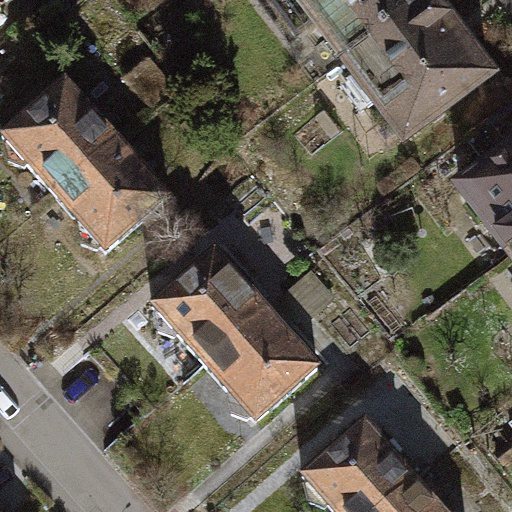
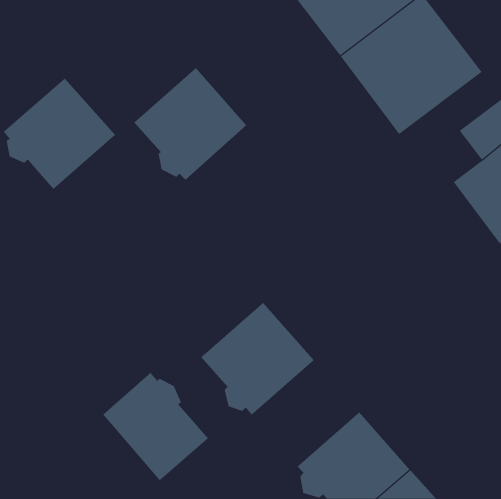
building: [55,137,171,252] -> [133,67,247,180]
building: [154,248,269,363] -> none
building: none -> [102,372,209,481]

